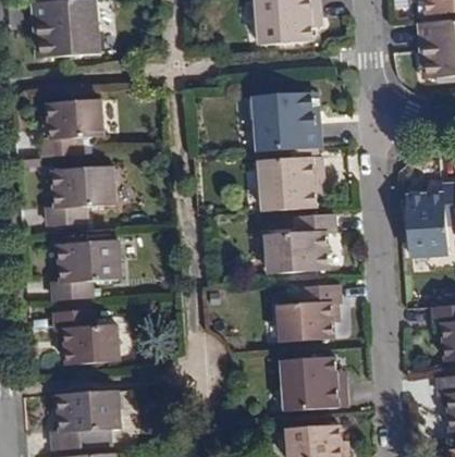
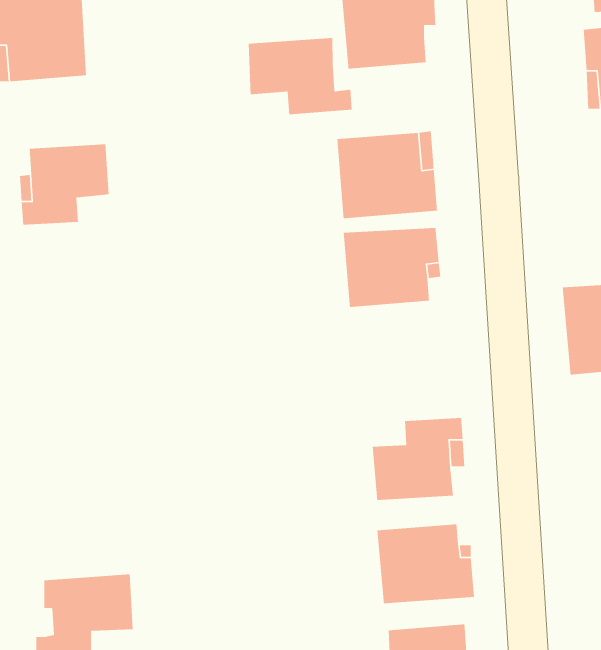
building: none -> [248,37,352,115]
building: [46,165,112,224] -> none
building: [266,215,334,273] -> none
building: [50,242,118,299] -> none
building: [52,309,116,363] -> none

